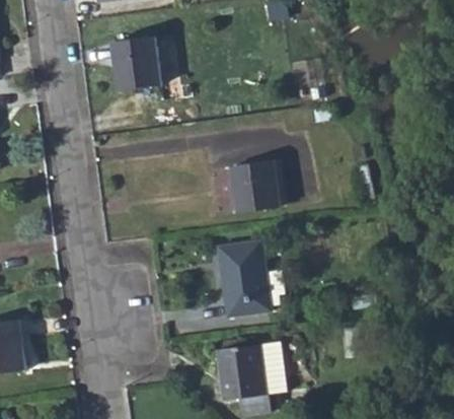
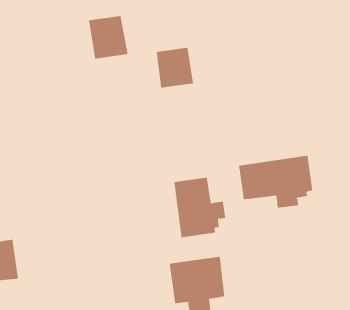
building: [230,161,278,213] -> [156,47,194,88]
building: none -> [239,155,313,209]

